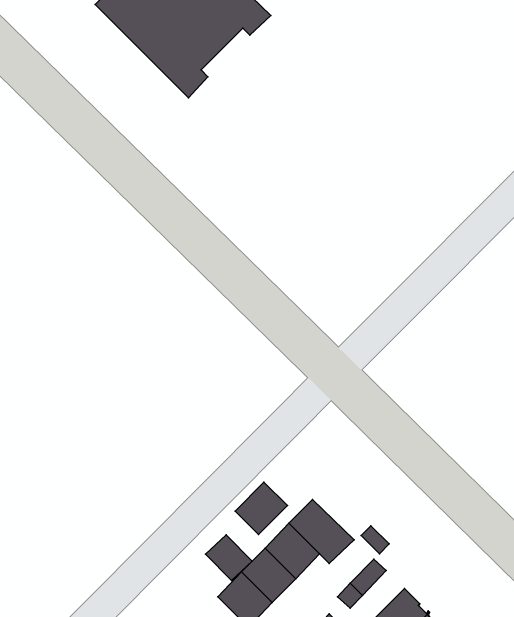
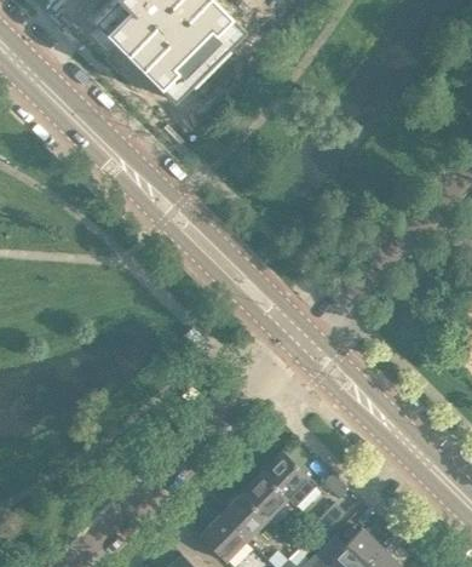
building: [235,482,287,535] -> none
building: [206,535,252,580] -> none

